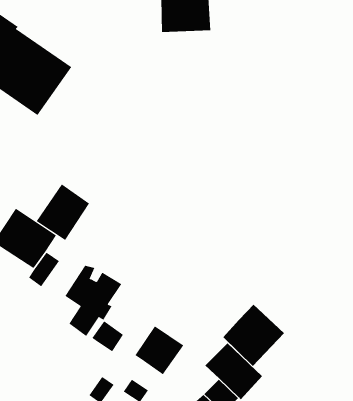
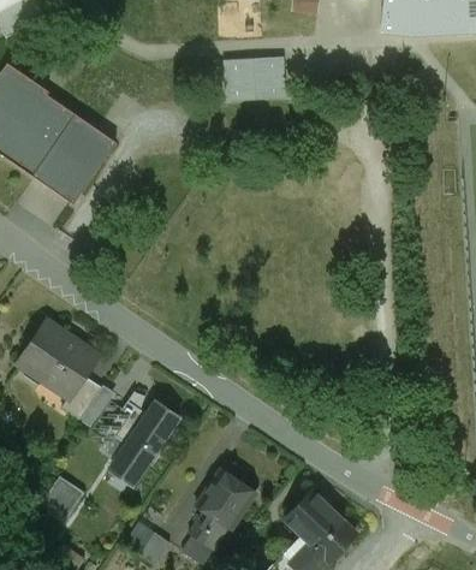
building: [36,184,90,241] -> none
building: [223,304,285,367] -> none
building: [91,321,124,352] -> [186,510,227,550]
building: none -> [42,476,84,517]

